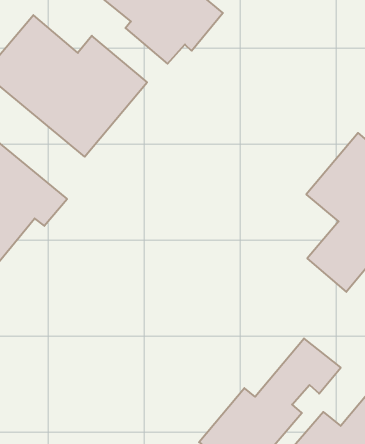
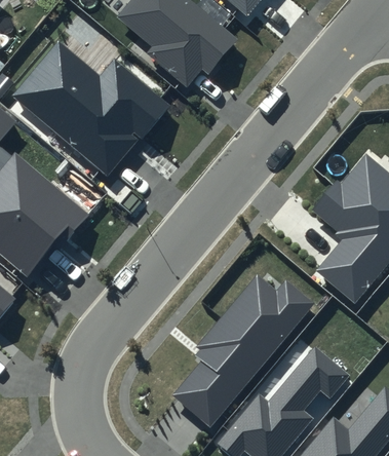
building: none -> [171,274,314,428]

